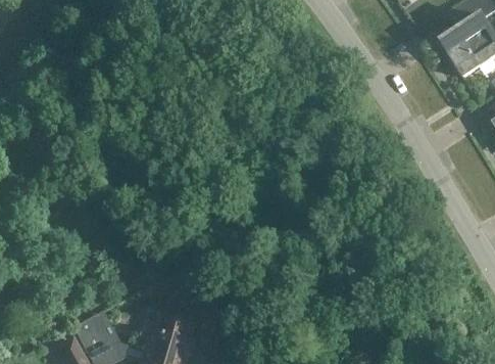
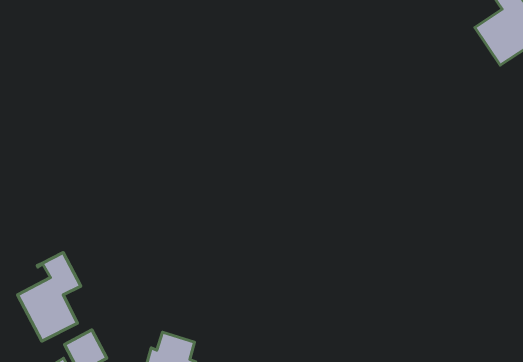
building: none -> [18,252,81,341]

